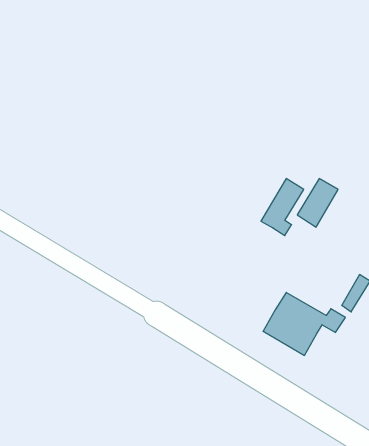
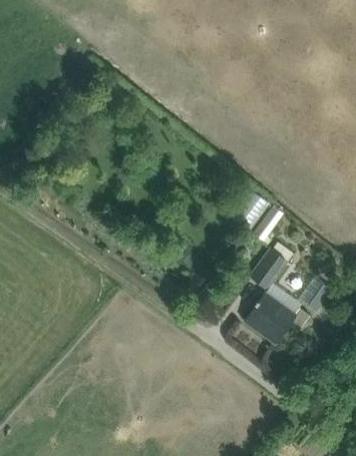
building: [297,179,338,227] -> [250,247,284,285]

